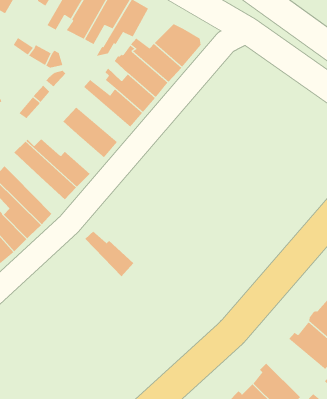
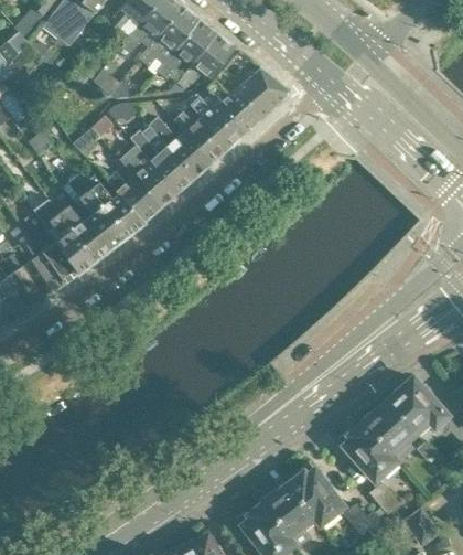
building: none -> [132,128,196,193]
building: none -> [108,172,162,224]
building: [84,231,134,277] -> [60,206,111,263]

